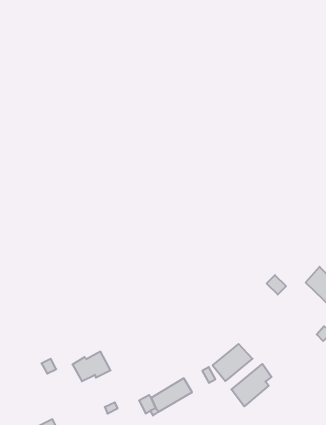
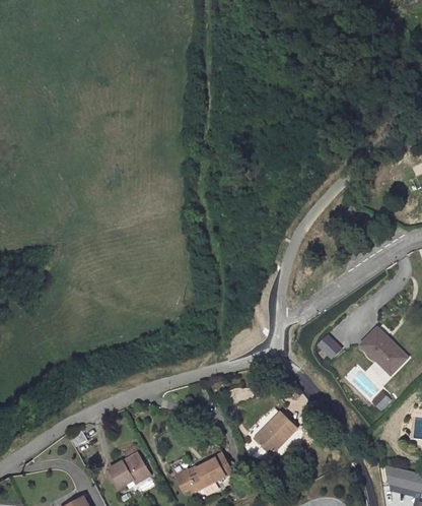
building: [72,352,111,381] -> [109,453,150,486]
building: [231,364,272,406] -> none

